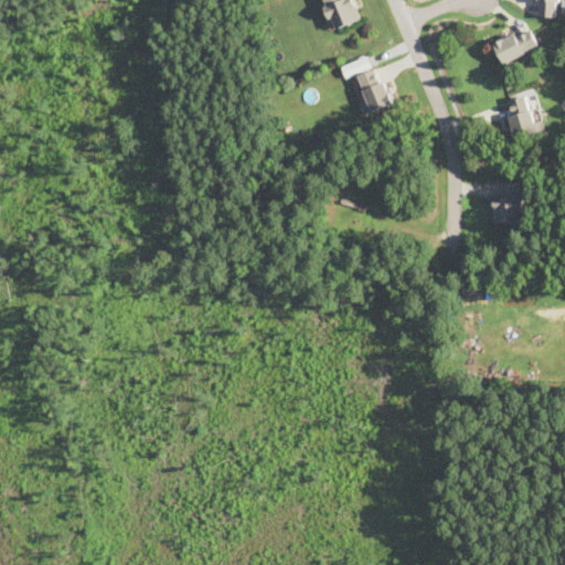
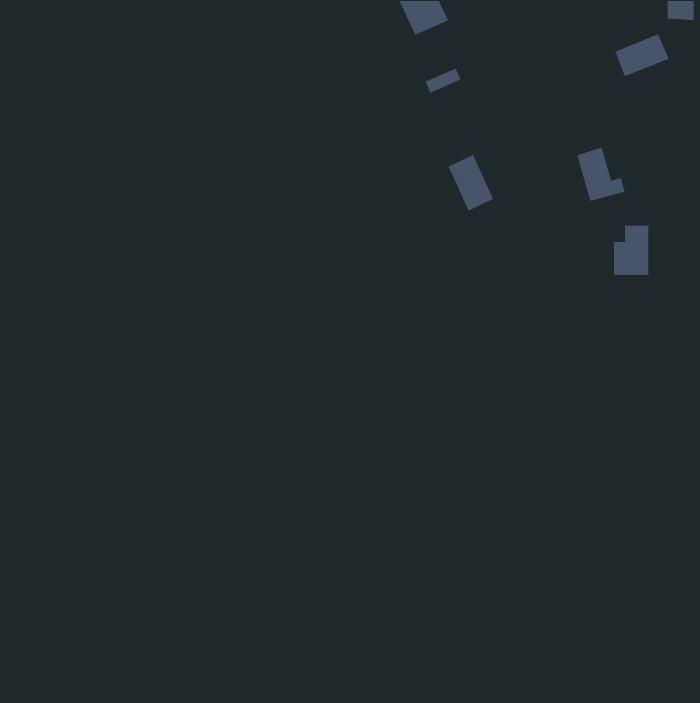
building: [354,66,392,113] -> [447,154,494,212]
building: [502,95,542,139] -> [576,147,626,202]

